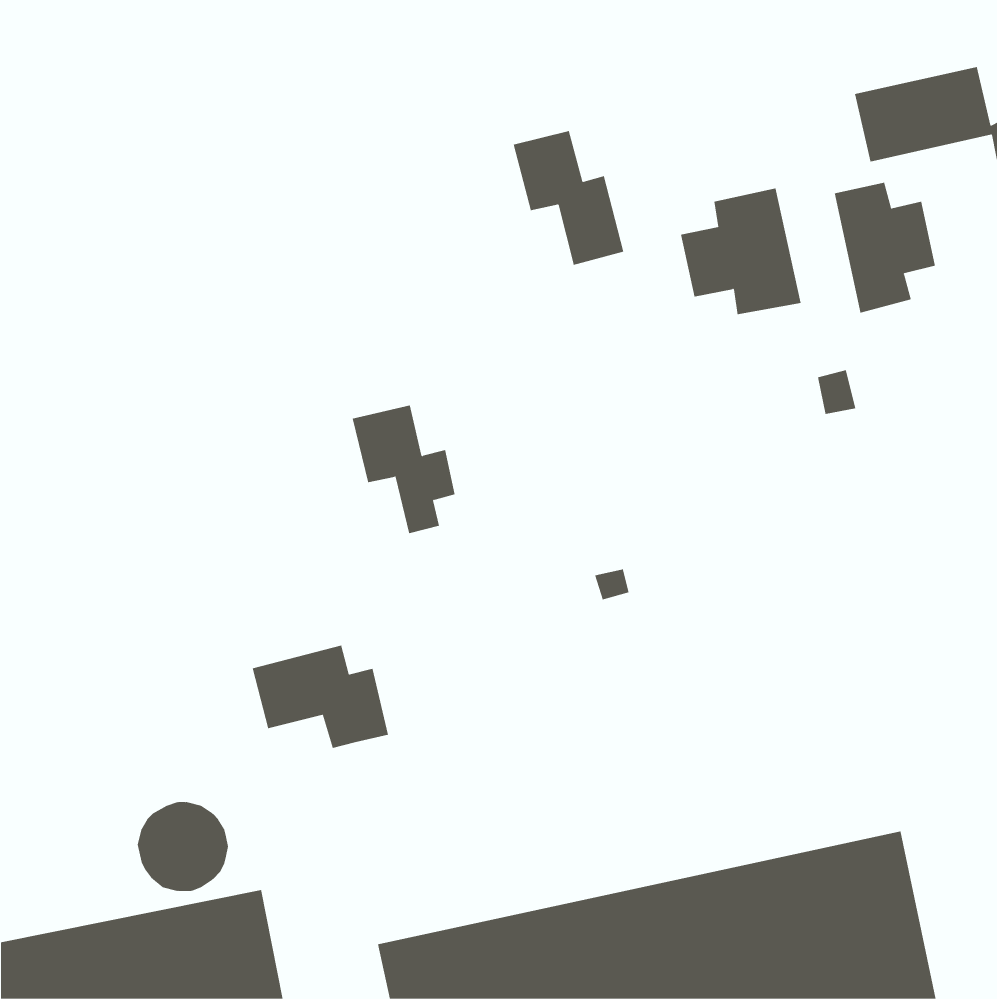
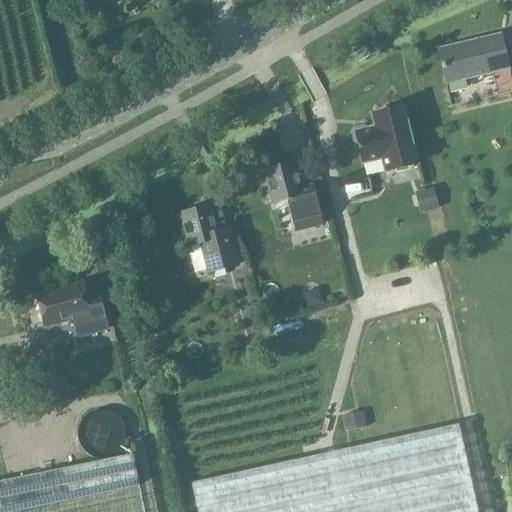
building: [513,131,624,266] -> [265,163,322,232]
building: [834,182,936,313] -> none
building: [252,645,389,748] -> [35,283,105,336]

